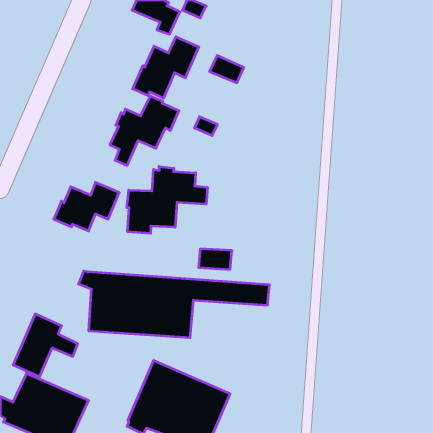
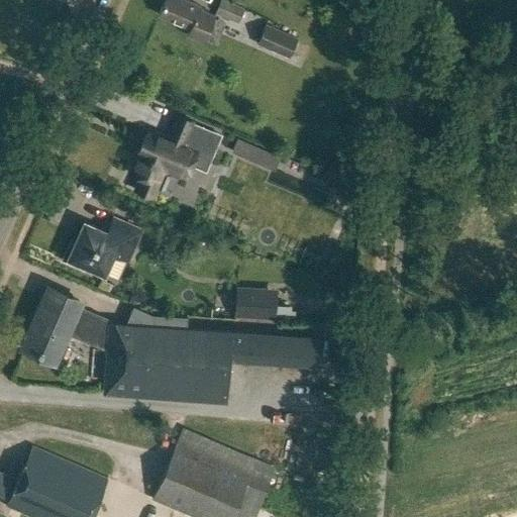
building: [133,37,199,98] -> none
building: [210,55,244,83] -> [260,26,300,59]
building: [127,166,207,233] -> none
building: [13,314,78,377] -> [25,289,102,364]

